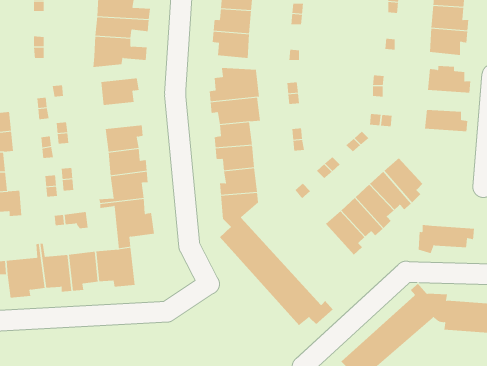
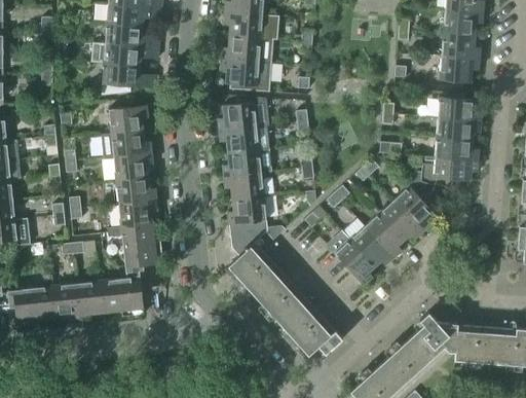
building: none -> [437,118,481,140]
building: none -> [102,131,151,158]
building: [418,224,475,254] -> [420,156,478,186]

